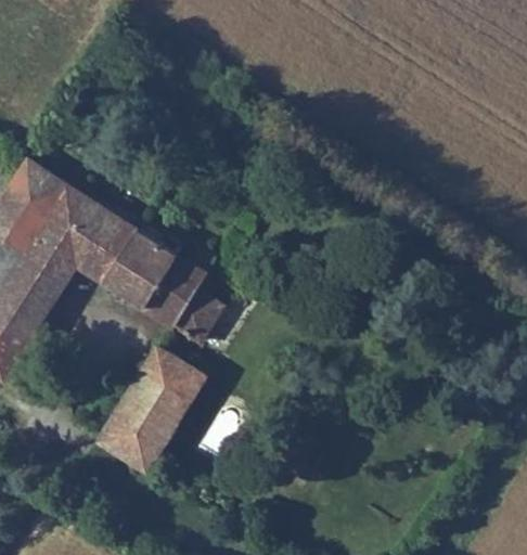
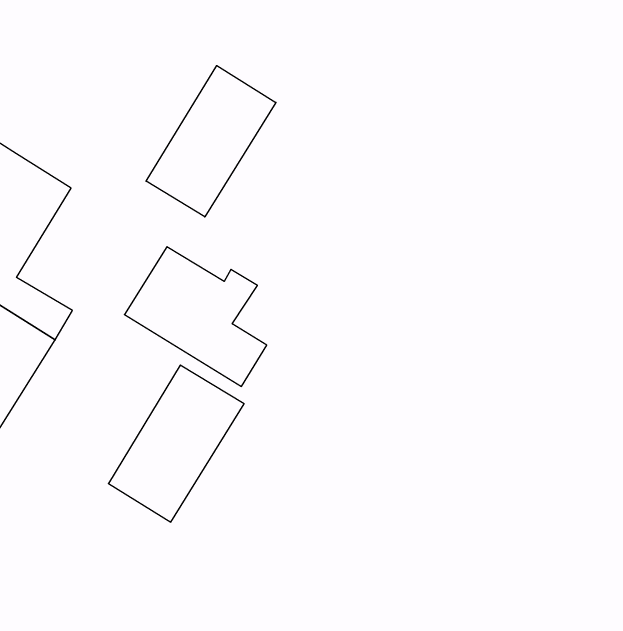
building: none -> [146,66,276,217]
building: [25,190,147,293] -> none

